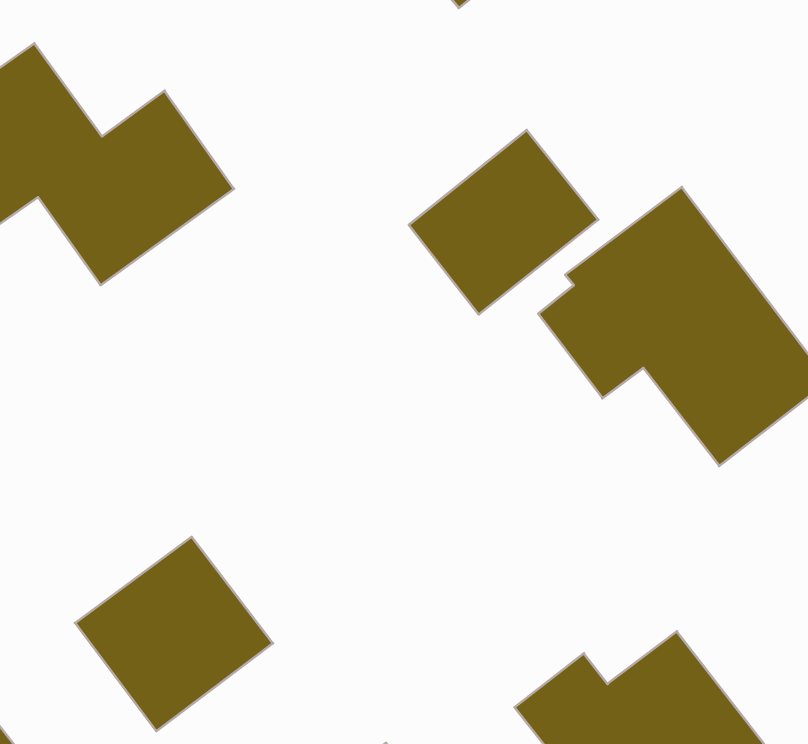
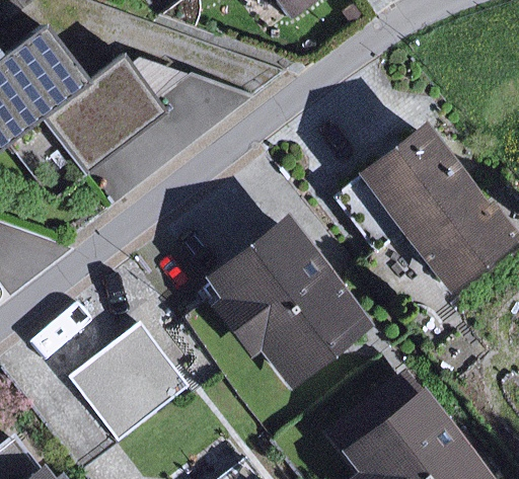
building: [409,130,598,314] -> none
building: none -> [207,214,378,390]

